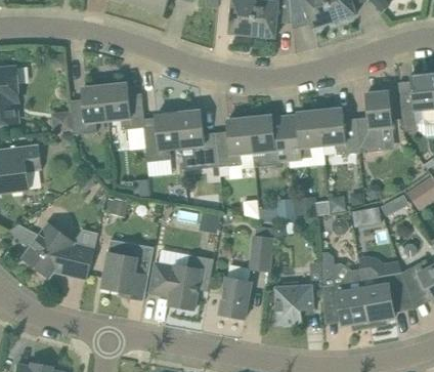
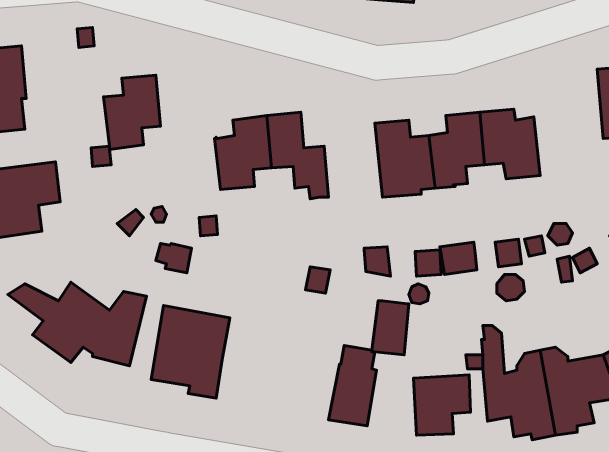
building: [104,84,145,130] -> none
building: [355,91,392,153] -> none
building: [216,118,255,171] -> none
building: [149,255,213,309] -> none

